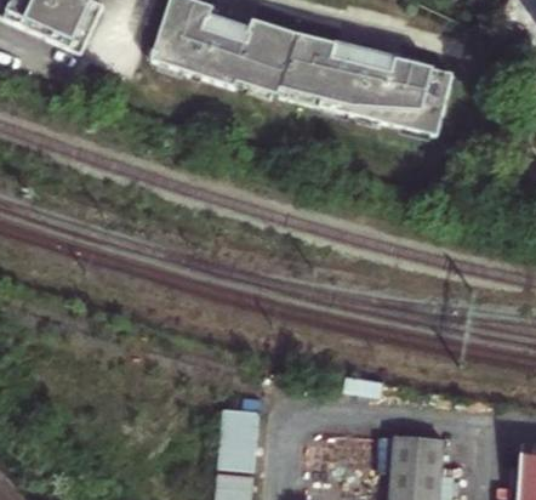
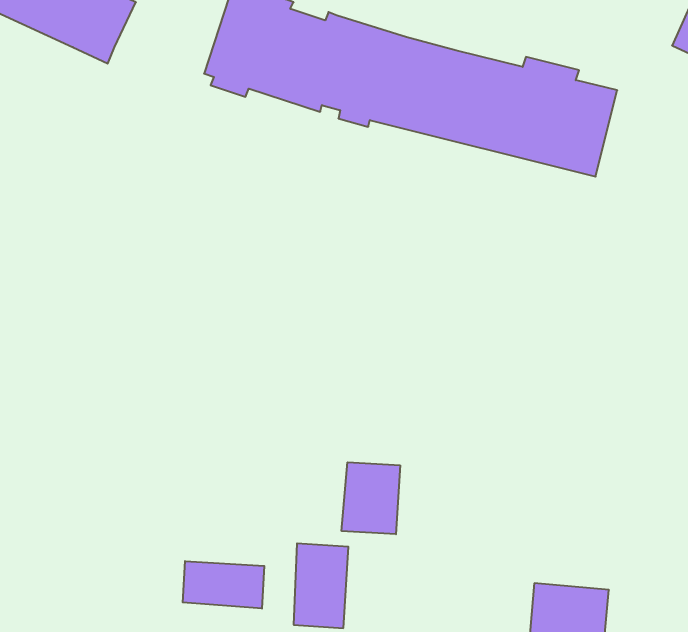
building: none -> [342,462,400,534]
building: none -> [183,561,264,609]

